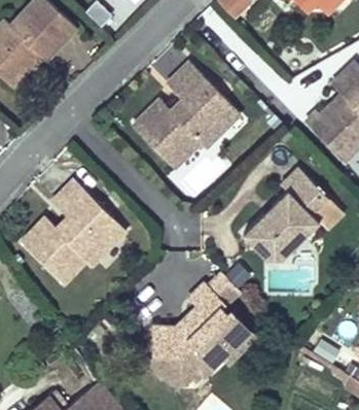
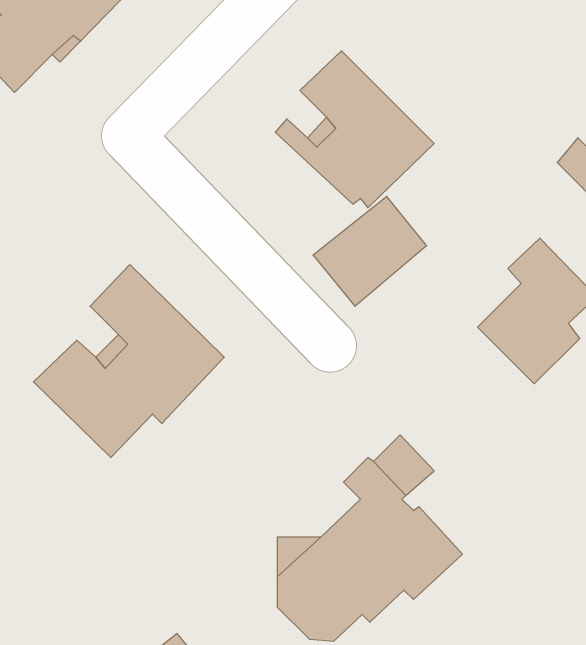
building: [133,107,195,168] -> none
building: [244,213,294,257] -> none

